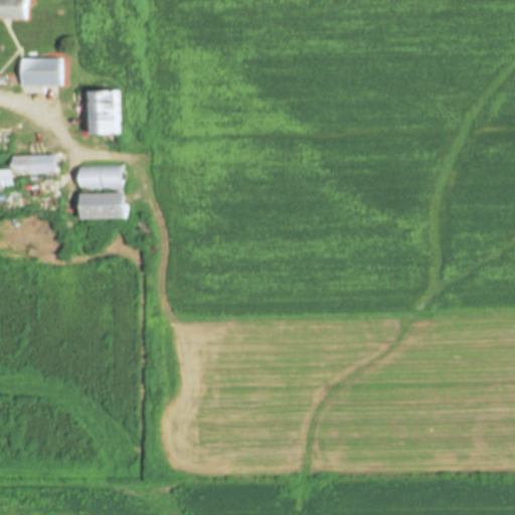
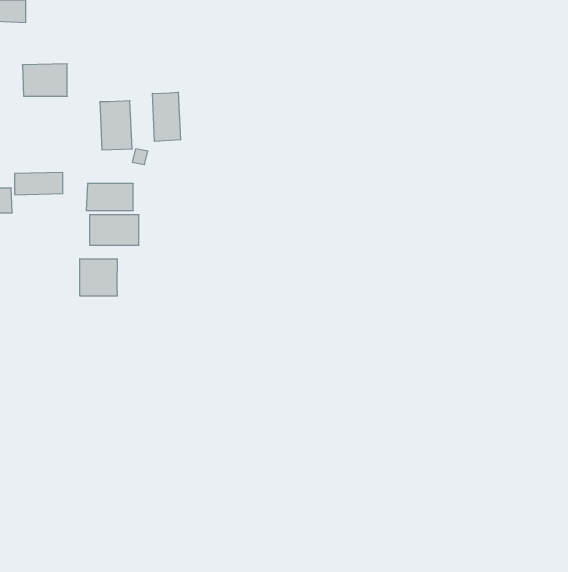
building: none -> [152,92,180,141]
building: none -> [80,259,117,296]

